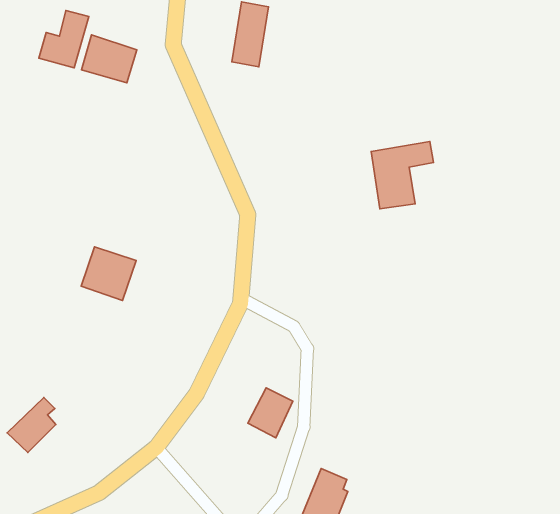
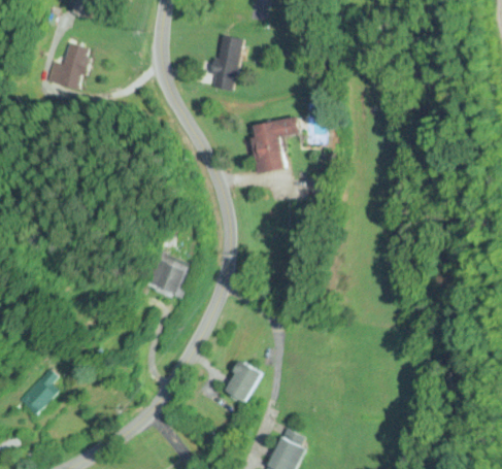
building: [82,35,137,83] -> none
building: [371,142,433,209] -> [247,116,300,173]
building: [81,247,136,301] -> [147,253,194,298]

